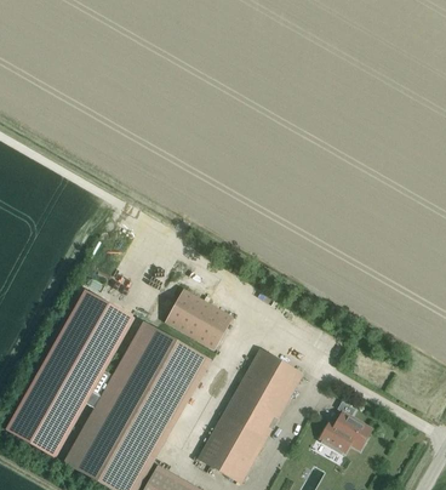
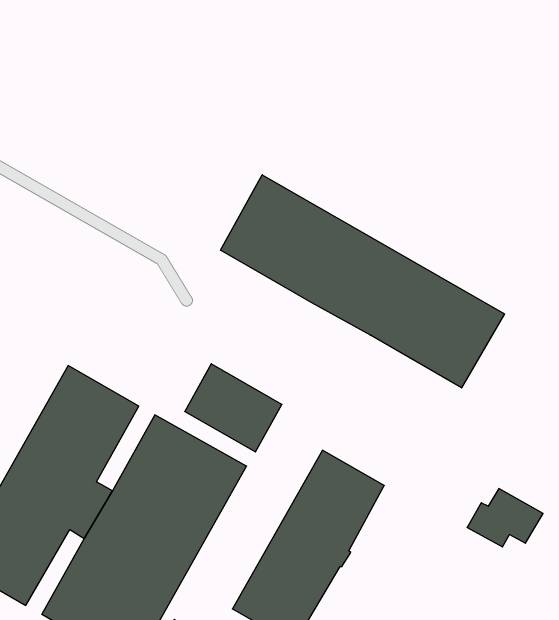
building: none -> [221,175,505,388]
building: [320,411,372,451] -> [467,489,543,547]

